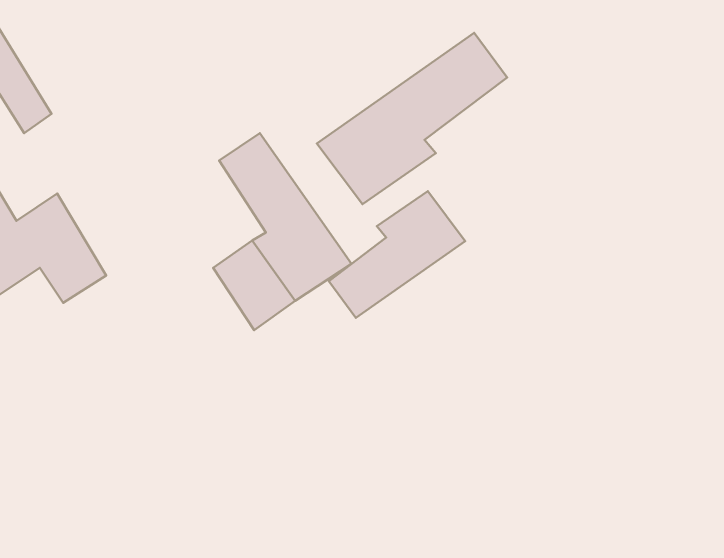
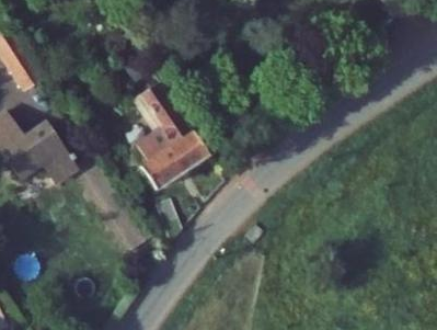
building: [317,33,507,204] -> none
building: [329,191,465,318] -> none

